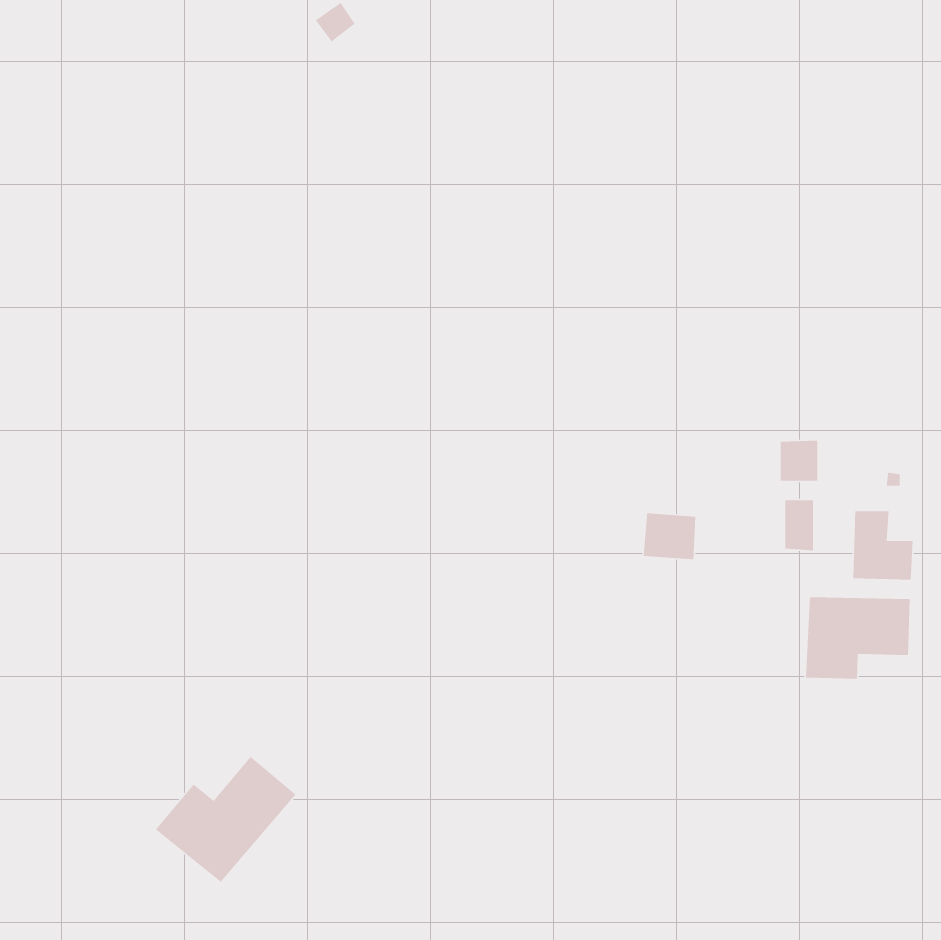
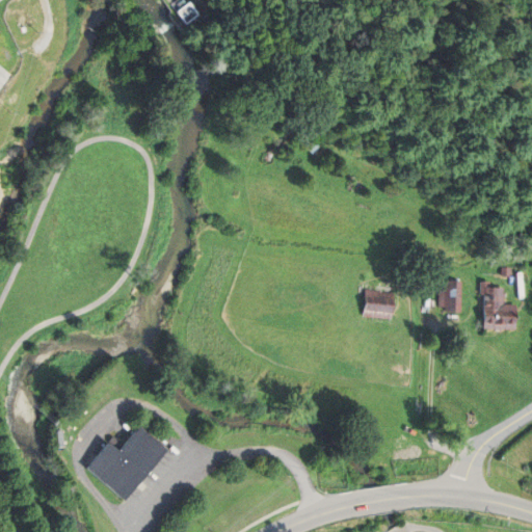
building: [780,440,818,481] -> none
building: [805,597,910,679] -> none

